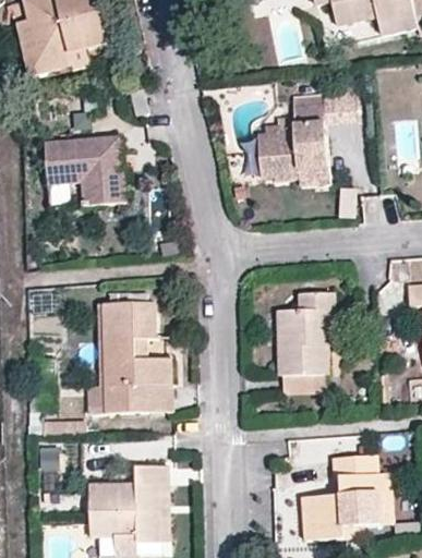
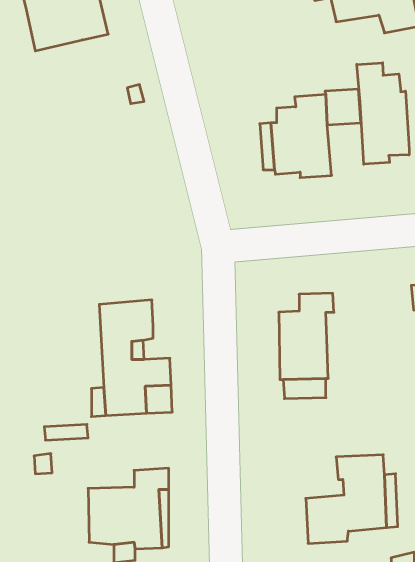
building: [20,17,88,72] -> none
building: none -> [357,63,409,164]
building: [44,133,123,203] -> none

